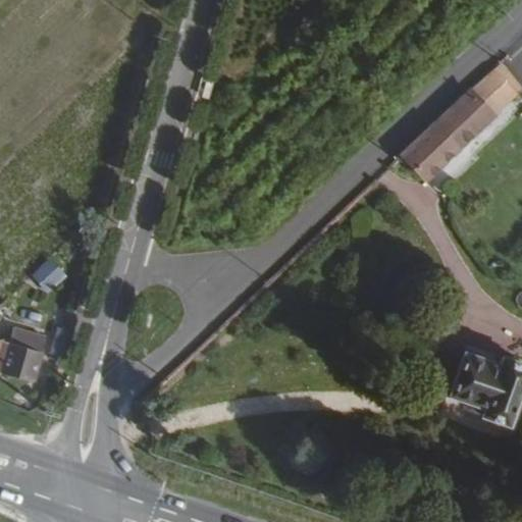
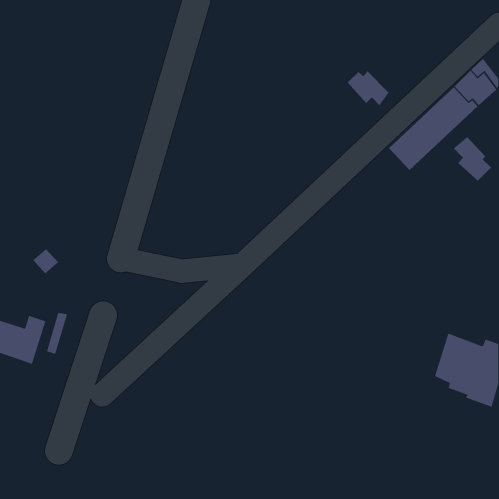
building: none -> [347,70,389,106]
building: none -> [453,136,492,182]

